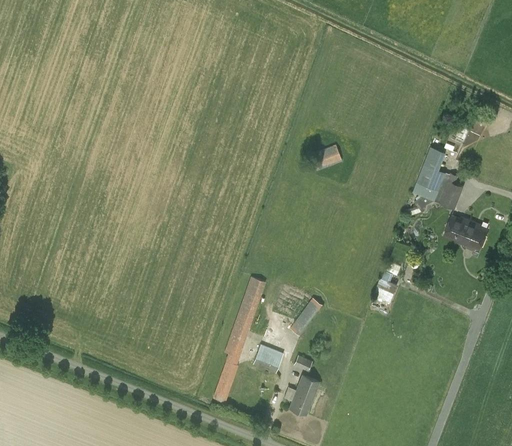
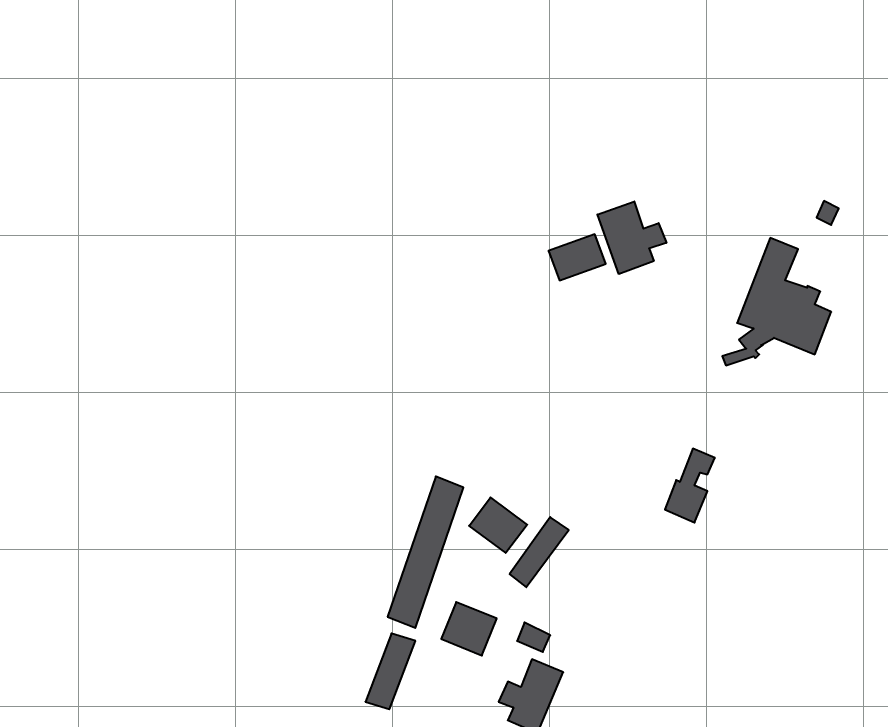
building: none -> [597,201,666,274]
building: [443,215,488,251] -> none
building: none -> [469,497,527,553]

